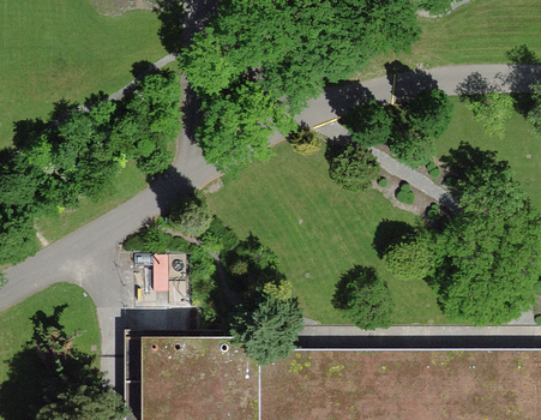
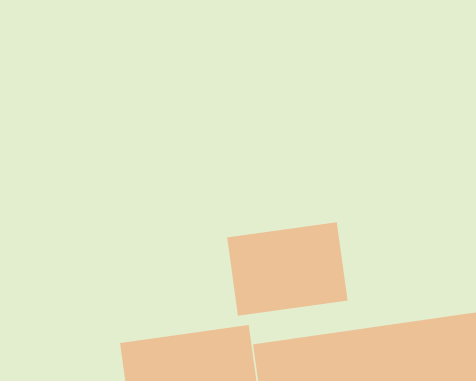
building: none -> [227,221,348,317]

